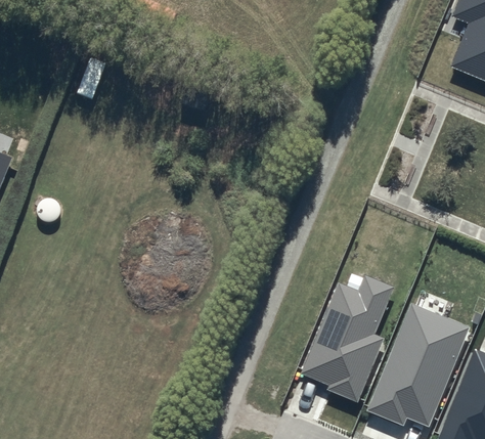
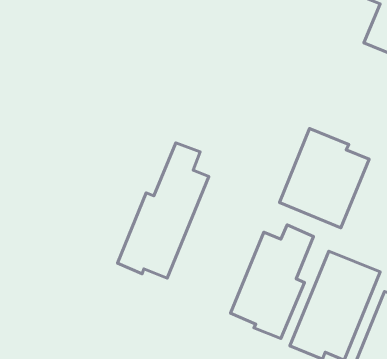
building: none -> [279,128,369,228]
building: none -> [118,143,209,278]

